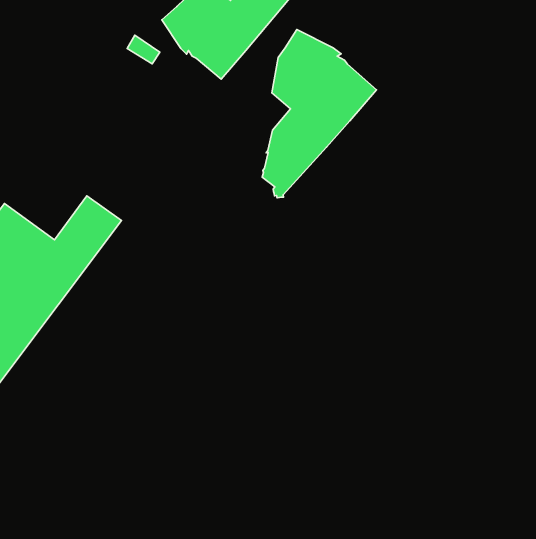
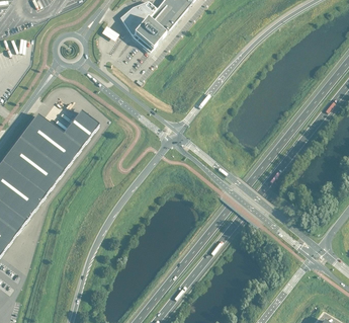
building: [262,29,377,198] -> none

